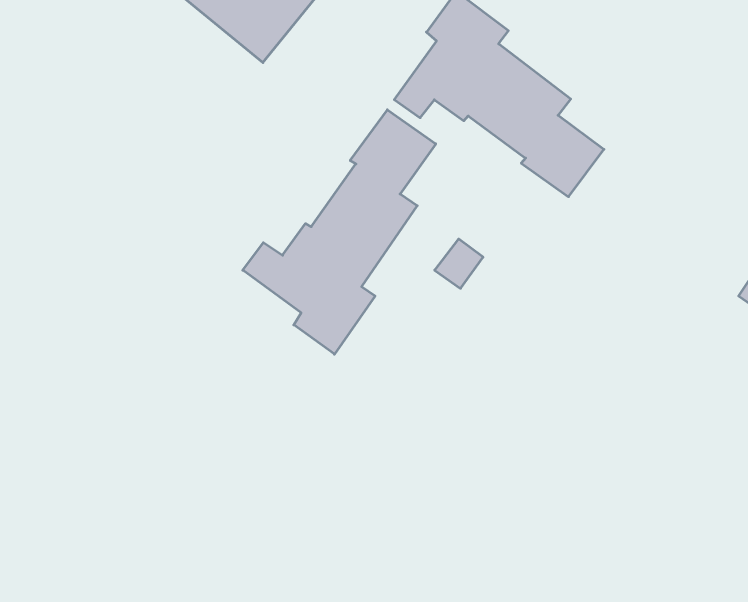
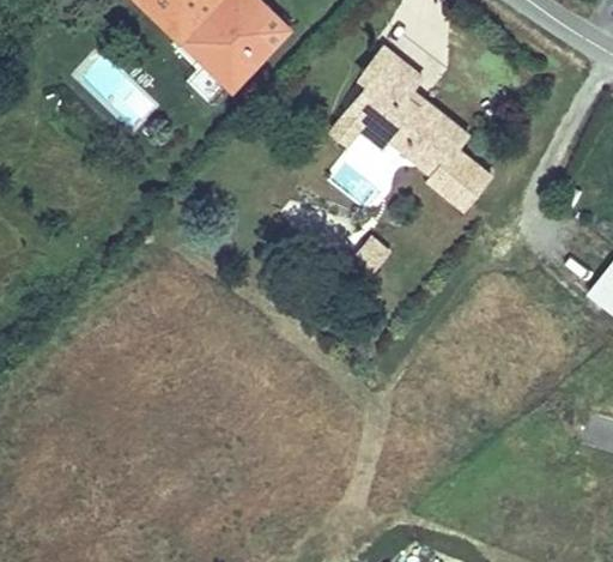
building: [243,110,436,354] -> none

